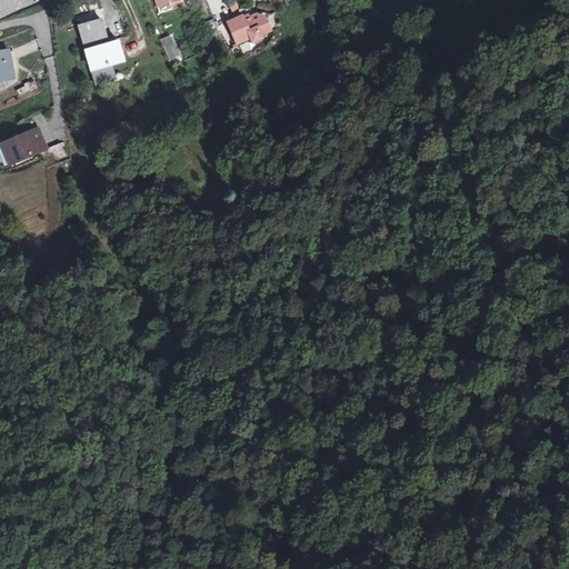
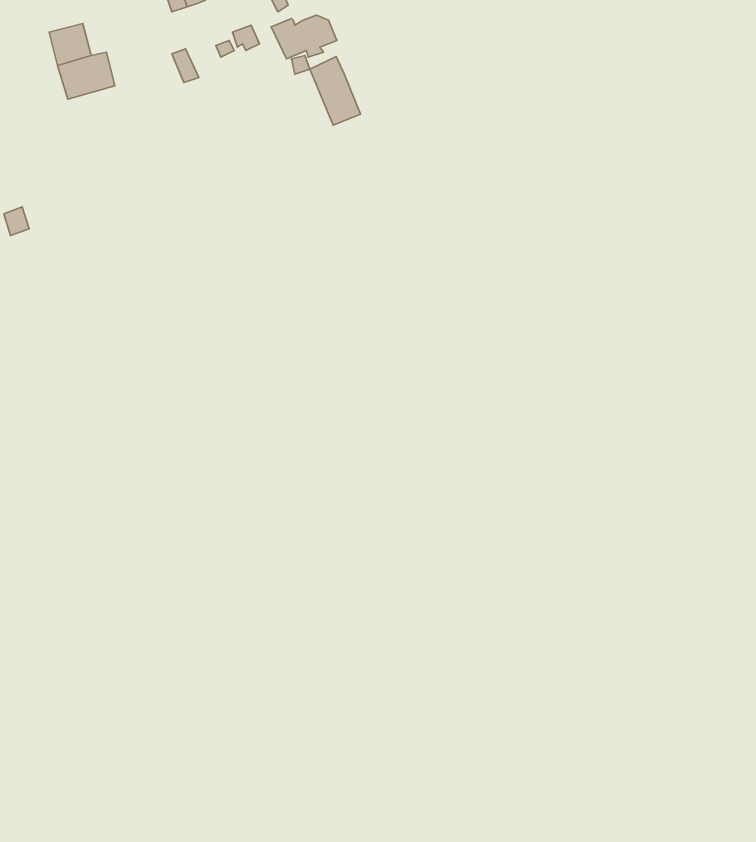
building: none -> [310,57,361,125]

